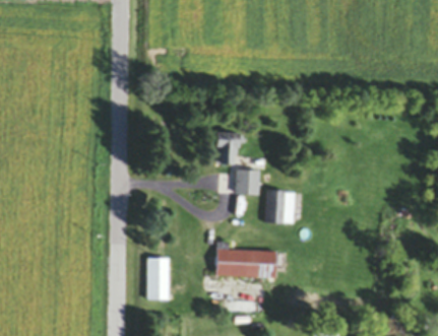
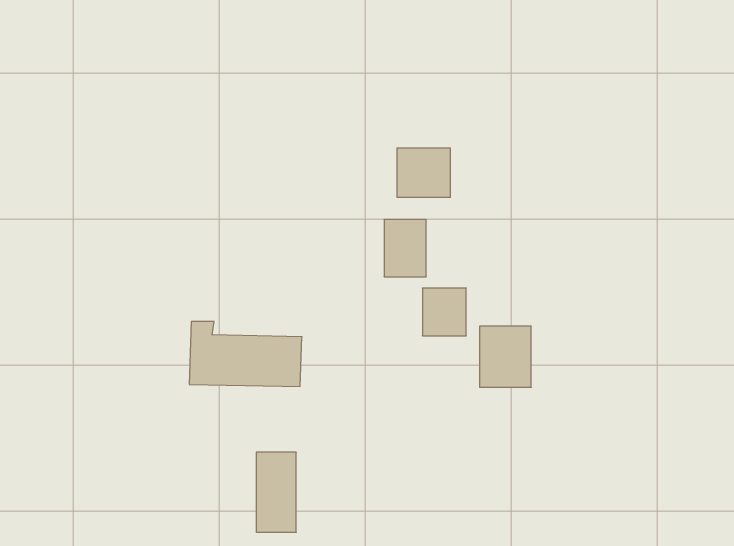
building: none -> [397,148,450,197]
building: [216,242,276,276] -> [189,322,302,386]

